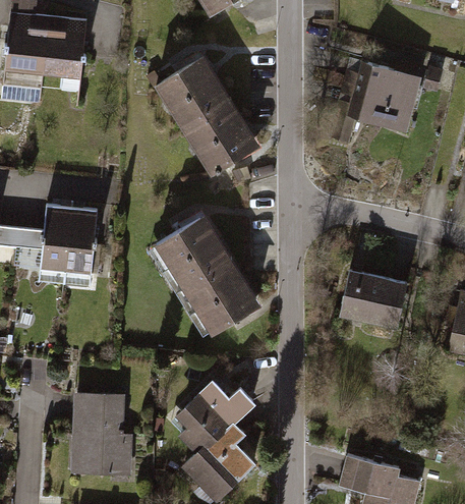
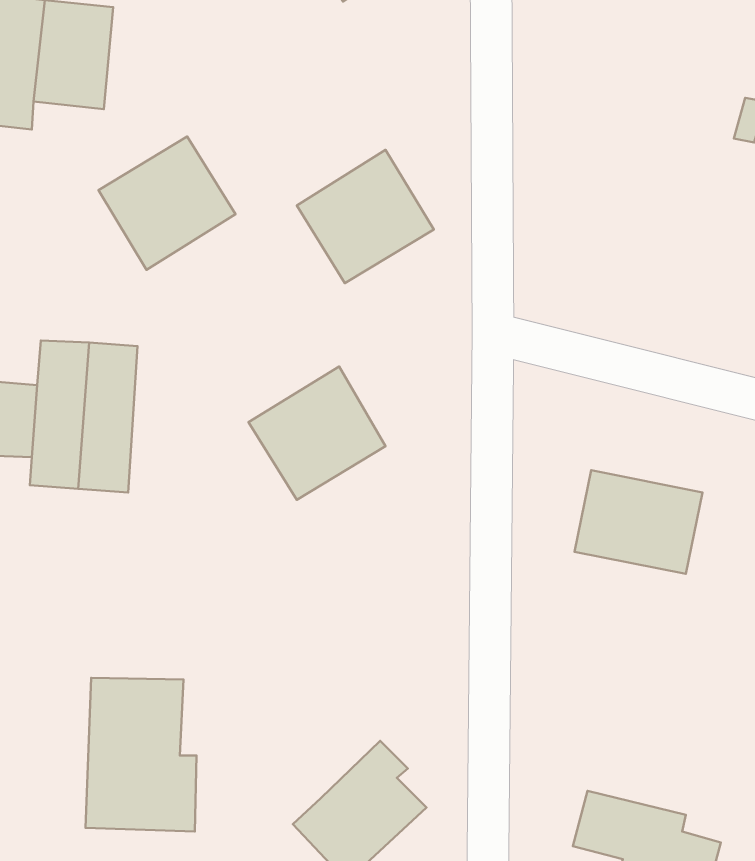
building: [159,56,234,129] -> [98,136,235,270]
building: [331,67,421,149] -> none
building: [185,262,260,334] -> none
building: [166,379,253,455] -> none

